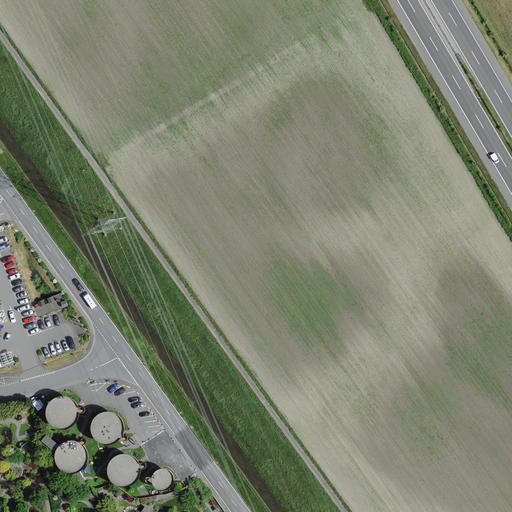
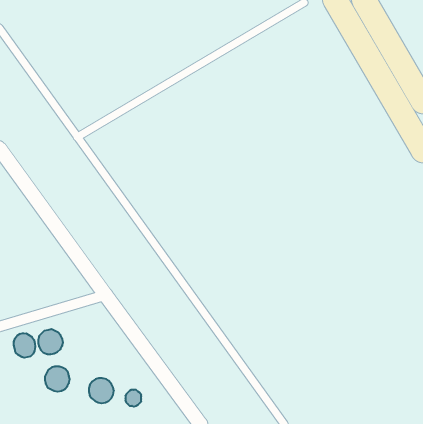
building: none -> [14,333,35,358]
building: [90,412,120,442] -> none

